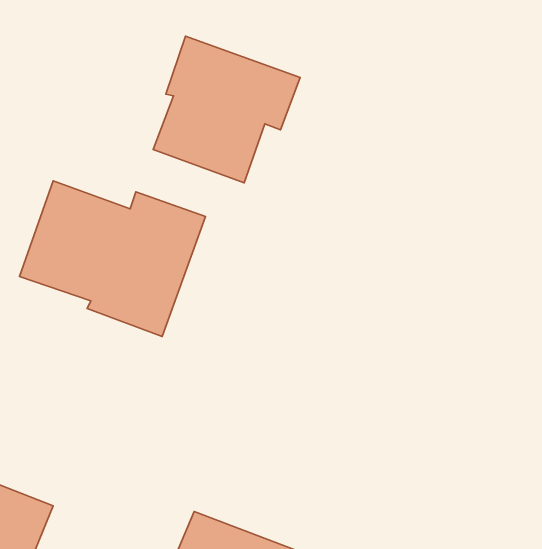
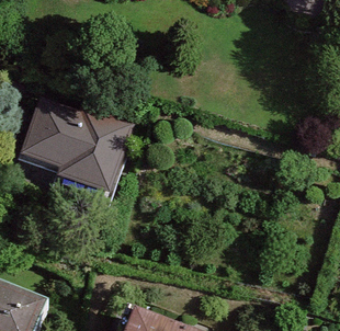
building: [153,36,300,183] -> none

